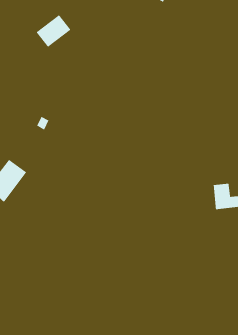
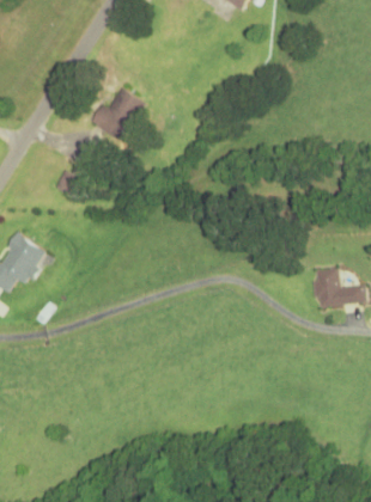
building: [35,14,72,48] -> [92,88,145,137]

